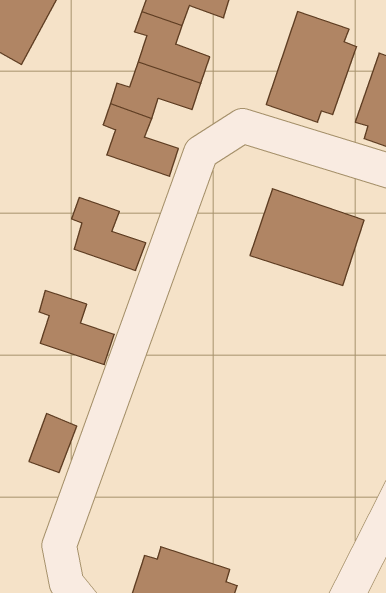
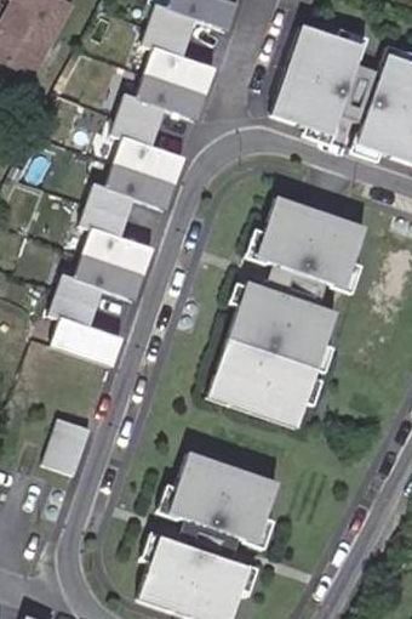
building: none -> [90,164,177,218]
building: none -> [57,255,144,308]
building: none -> [207,283,336,427]
building: none -> [171,454,280,541]

